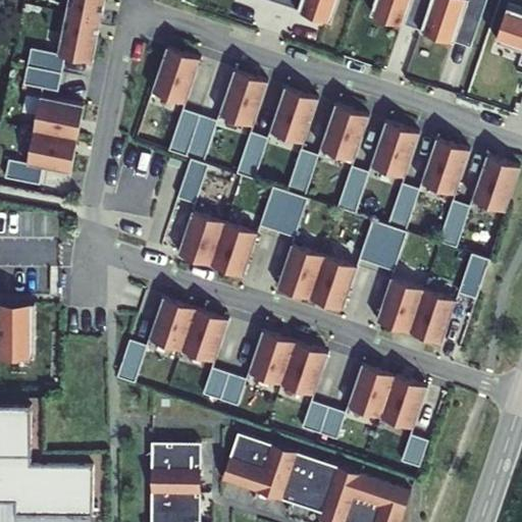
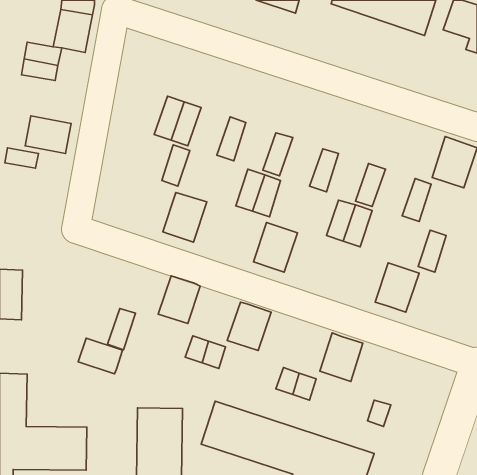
building: [152,47,202,102] -> none
building: [219,69,268,124] -> none
building: [269,85,319,141] -> none
building: [34,98,84,138] -> none
building: [319,102,369,158] -> none
building: [370,118,420,174] -> none
building: [421,136,470,192] -> none
building: [211,223,258,278] -> none
building: [310,257,357,311] -> none
building: [376,278,423,332] -> none
building: [139,293,187,346] -> none
building: [281,344,327,396] -> none
building: none -> [78,338,123,374]
building: [382,377,428,430] -> none

